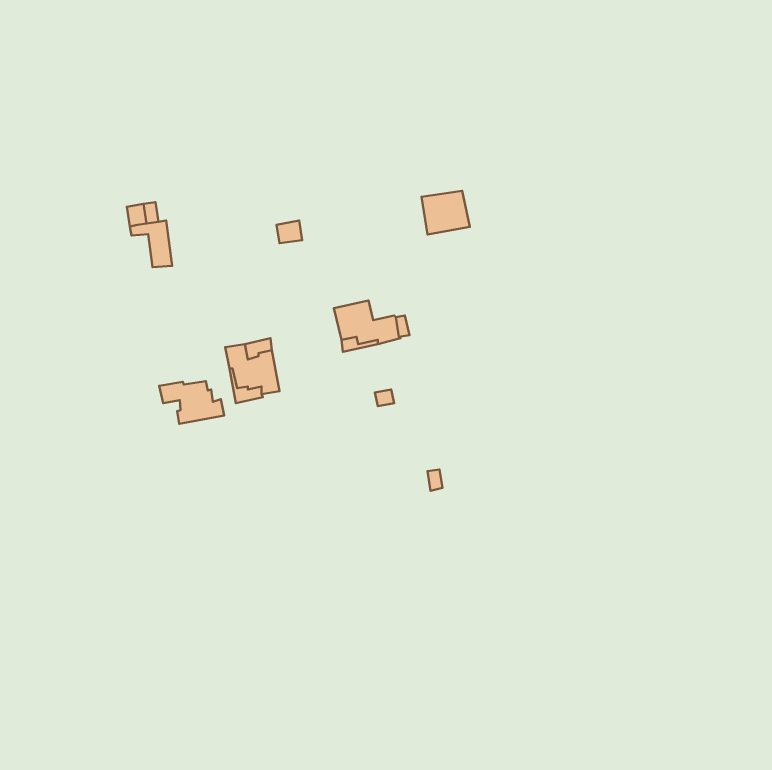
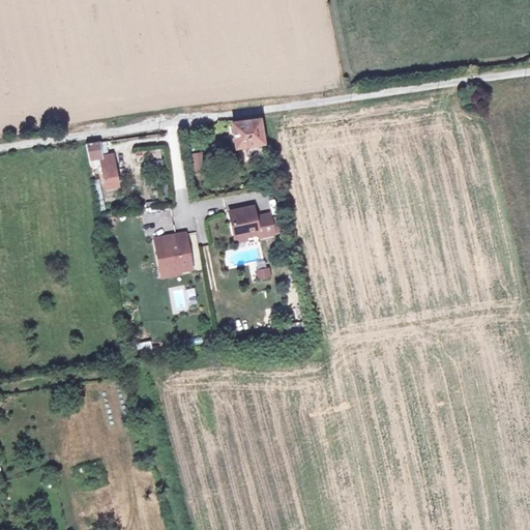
building: [421,191,470,235] -> [231,117,264,147]
building: [159,381,224,424] -> none

